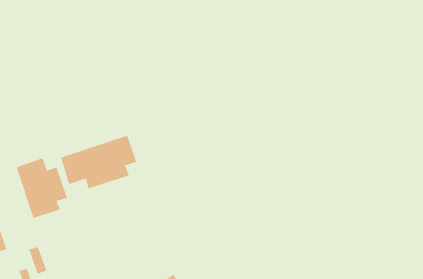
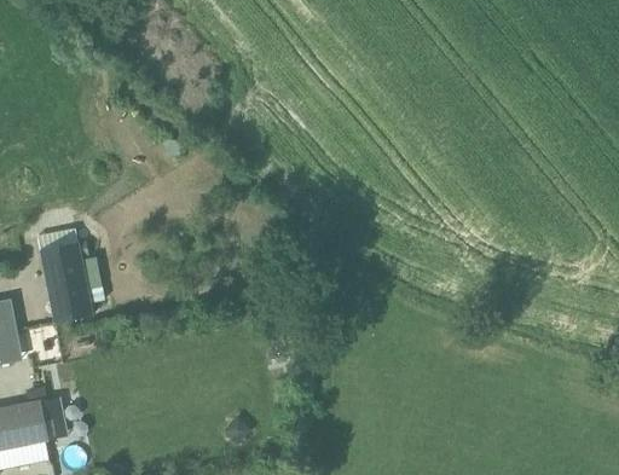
building: [60,135,137,189] -> none

